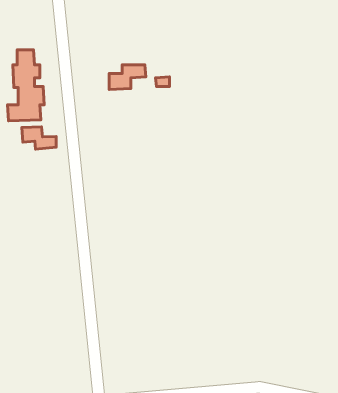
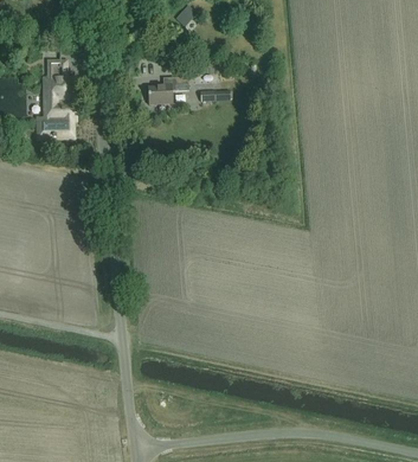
building: [22,127,56,149] -> none

